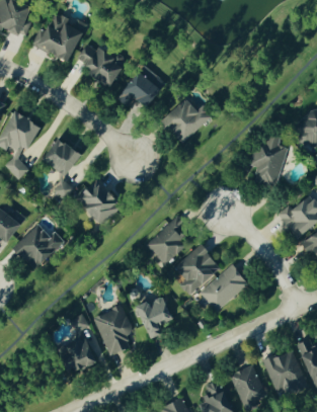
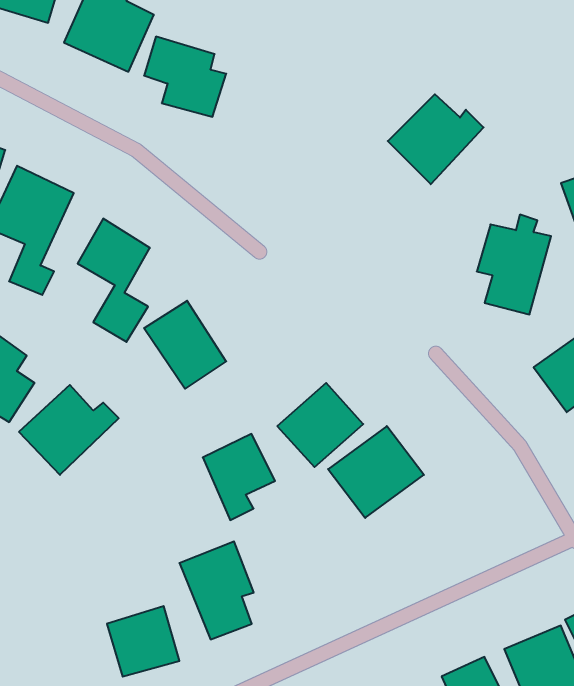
building: [117,73,158,110] -> none
building: [161,98,211,145] -> [388,94,484,184]
building: [201,263,250,312] -> none
building: [136,295,173,339] -> [203,434,275,520]

